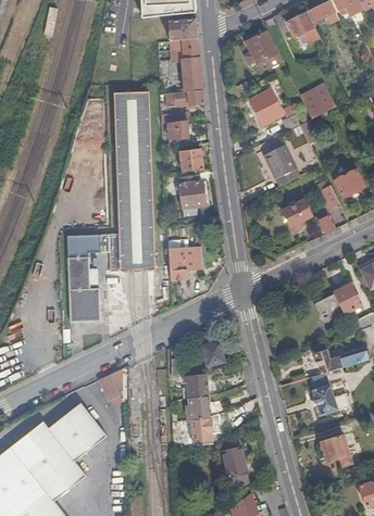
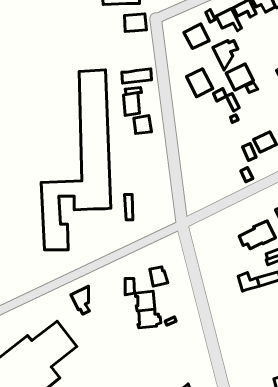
building: [177,39,203,91] -> none
building: none -> [213,40,238,70]
building: [263,144,300,186] -> none
building: [180,181,205,216] -> none
building: [282,199,311,230] -> none
building: [179,249,203,282] -> none
building: [309,372,338,414] -> none
building: [188,418,212,442] -> none
building: [321,435,352,466] -> none
building: [222,448,248,486] -> none

